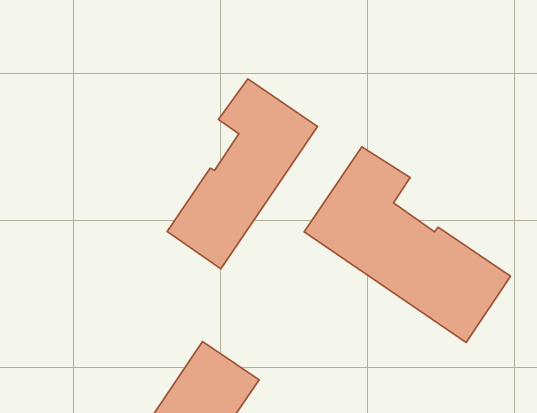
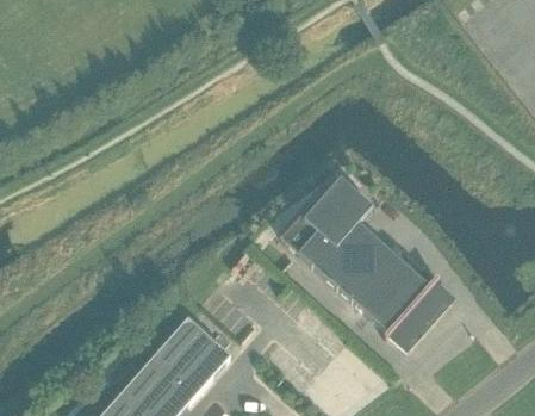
building: [167,79,318,269] -> none

